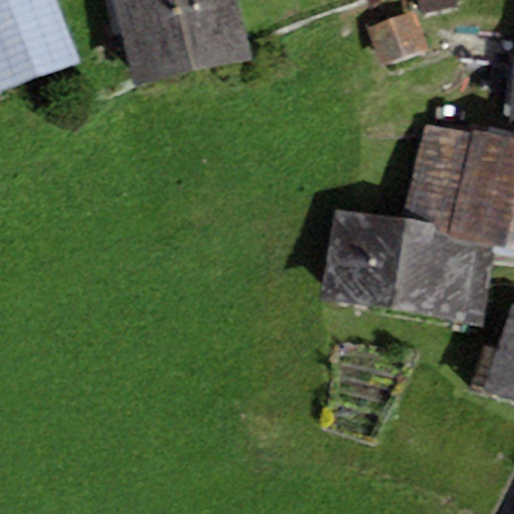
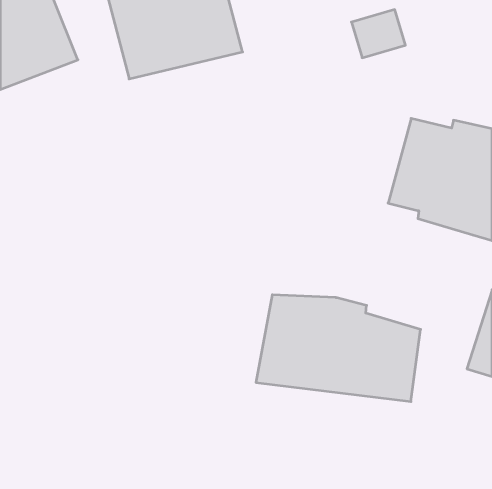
building: [321,209,493,320] -> [256,295,421,402]

